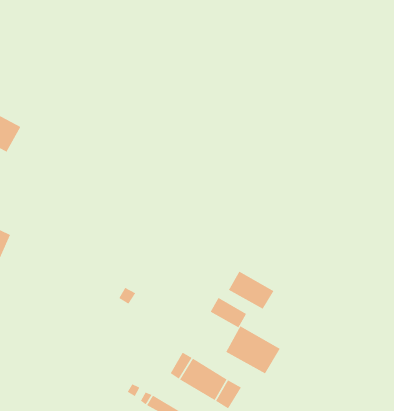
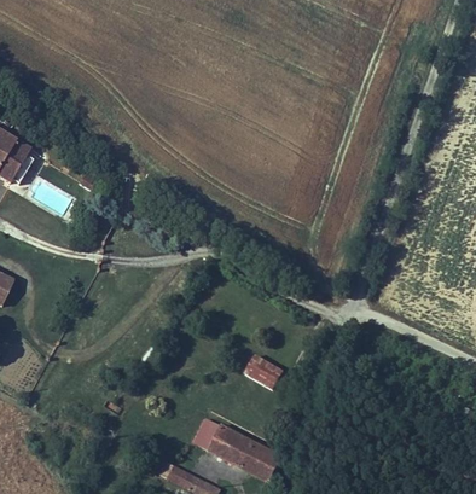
building: [228,271,274,310] -> none
building: [225,325,280,374] -> none

